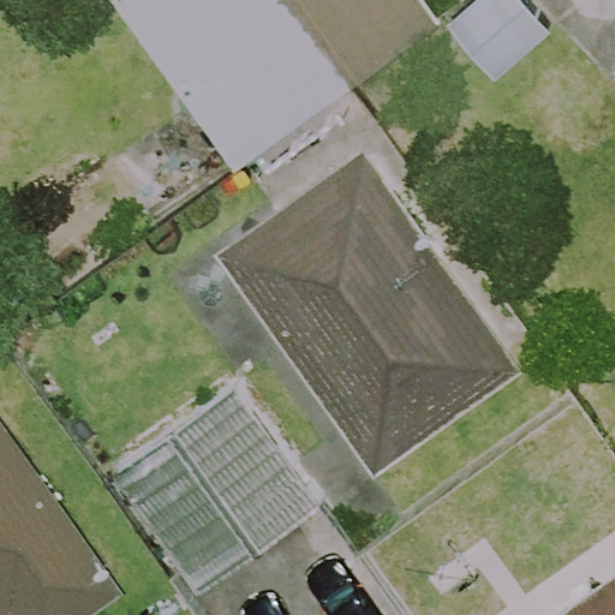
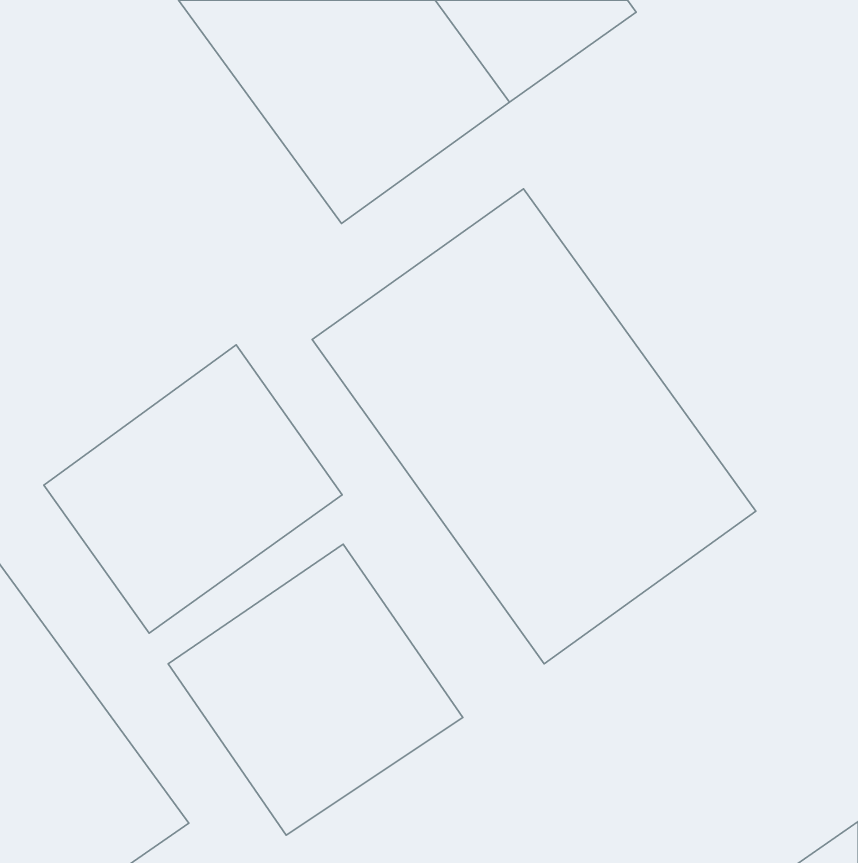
building: none -> [44,345,342,633]

